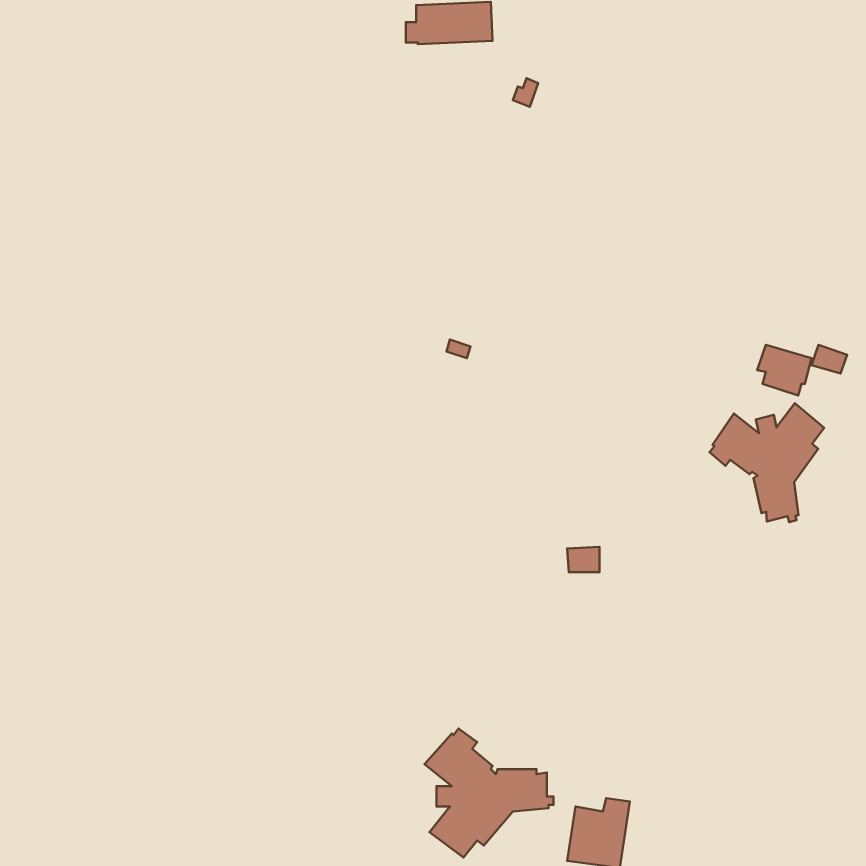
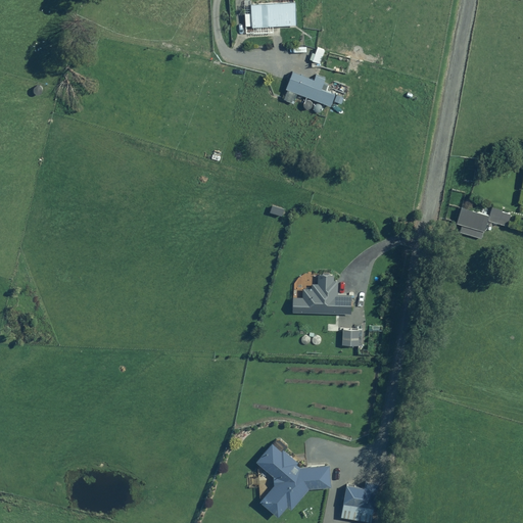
building: none -> [282,76,335,107]
building: [710,403,824,522] -> none
building: none -> [292,275,351,315]

